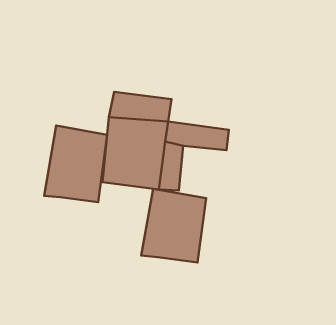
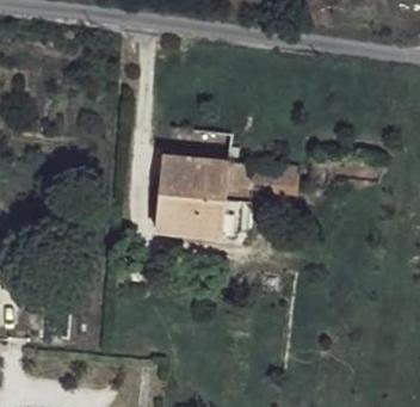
building: [44,125,107,202] -> none
building: [141,189,206,263] -> none

